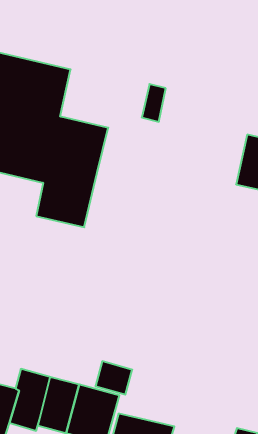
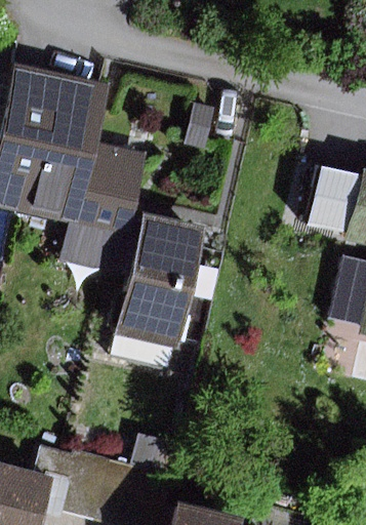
building: none -> [107,211,206,371]

